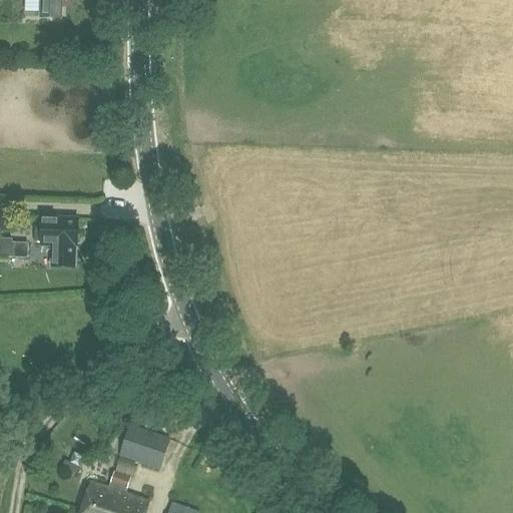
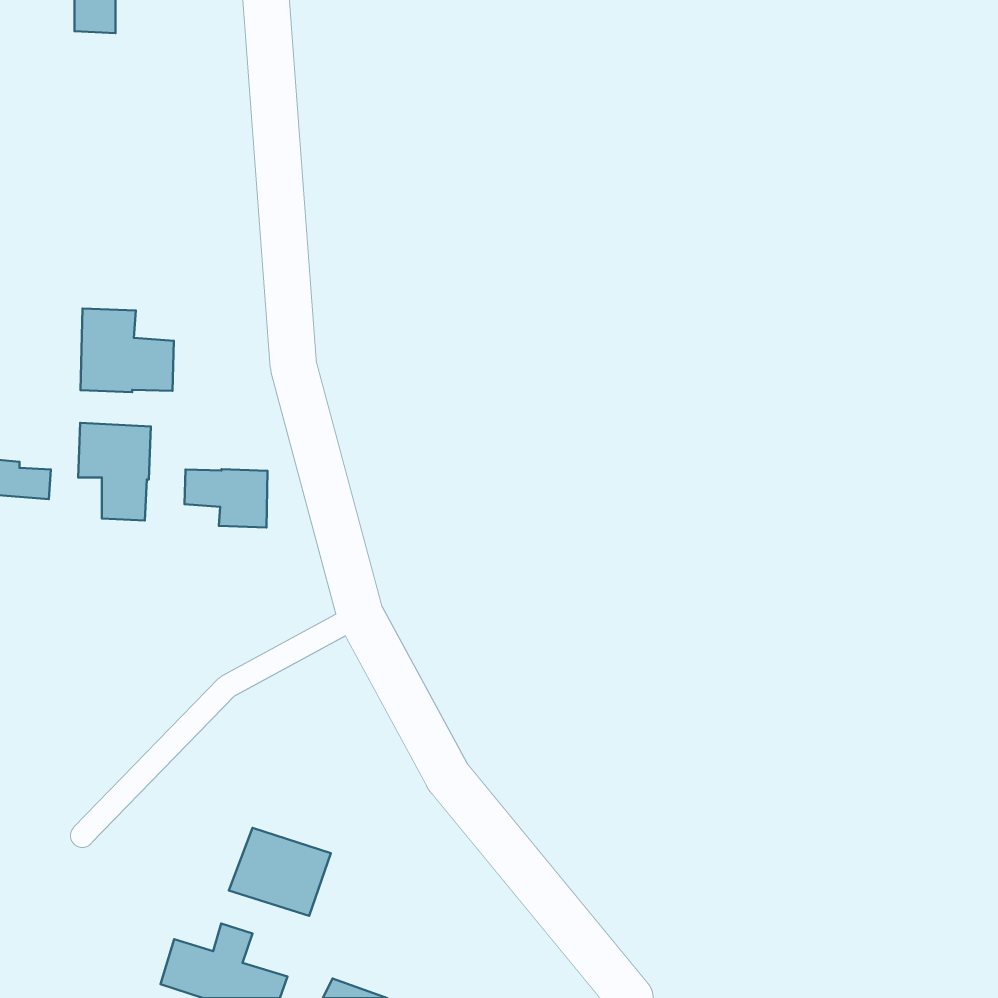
building: none -> [81,309,174,392]
building: none -> [184,469,268,528]

